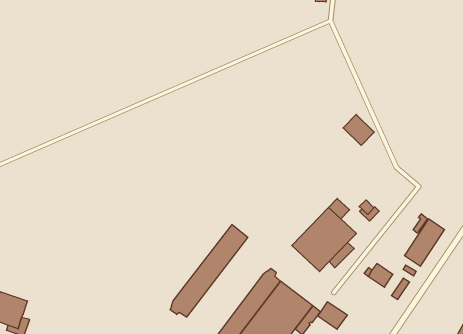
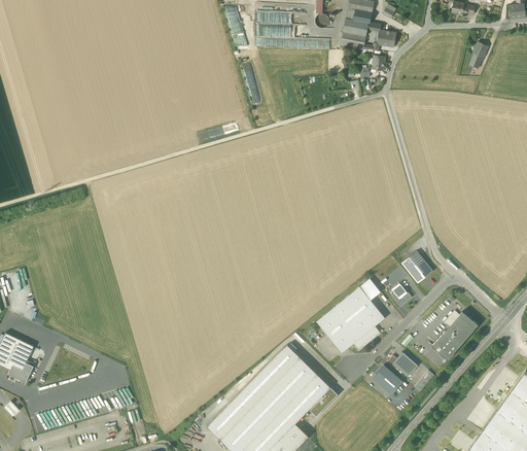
building: [343,114,374,145] -> [401,250,433,283]
building: [170,225,248,317] -> none
building: [318,302,347,329] -> [373,365,403,394]

